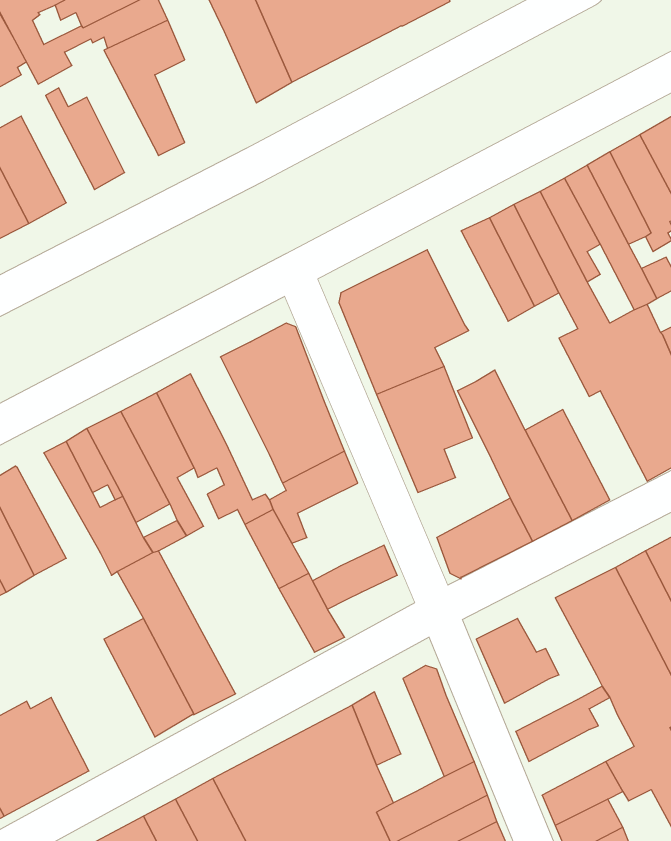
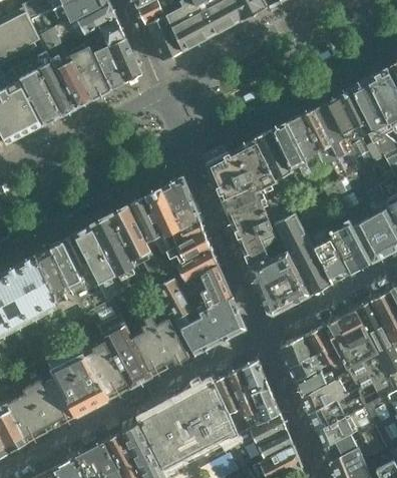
building: none -> [65,38,111,99]
building: none -> [109,39,141,83]
building: none -> [33,52,77,115]
building: none -> [255,130,302,191]
building: none -> [128,197,170,254]
building: none -> [327,215,372,274]
building: none -> [36,249,80,310]
building: none -> [250,252,299,294]
building: none -> [202,265,232,309]
building: none -> [202,314,244,347]
building: none -> [133,319,189,377]
building: none -> [303,326,345,370]
building: none -> [45,345,109,418]
building: none -> [227,369,264,429]
building: none -> [296,369,335,397]
building: none -> [309,388,365,431]

